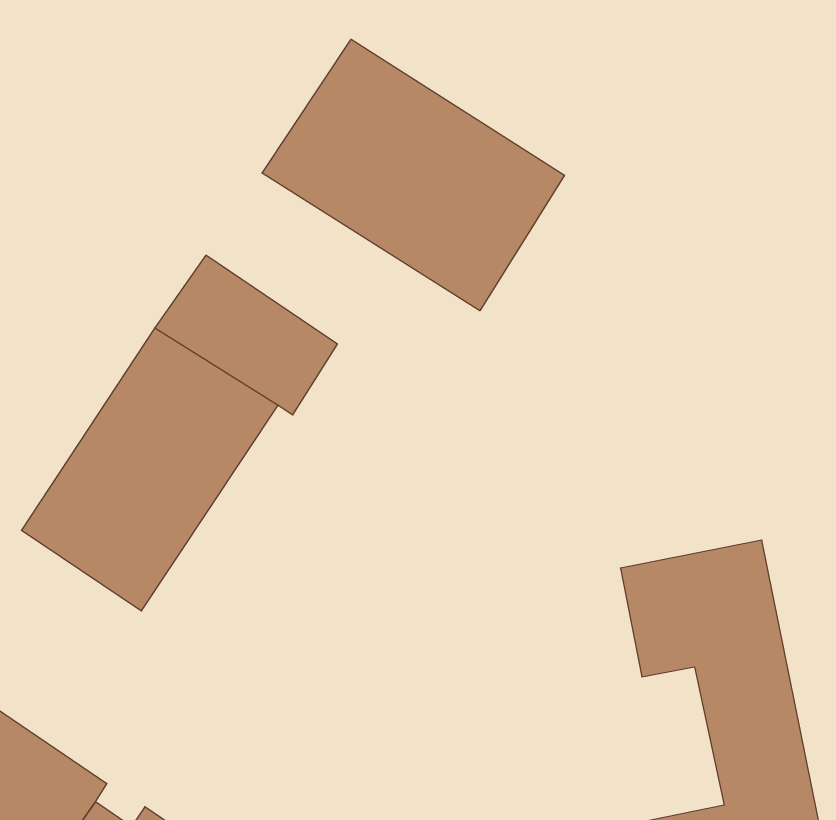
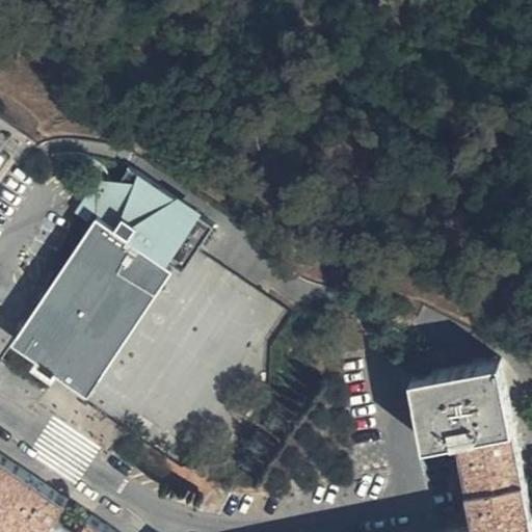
building: [262,39,564,311] -> none

